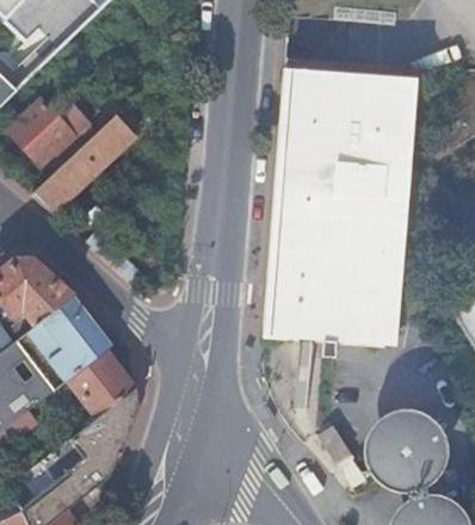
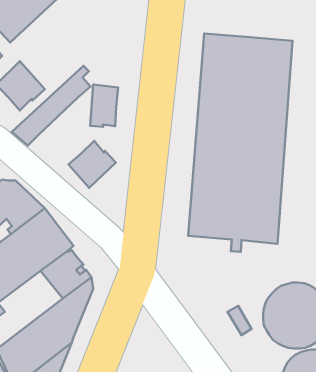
building: none -> [90,85,118,127]
building: none -> [68,141,116,188]

